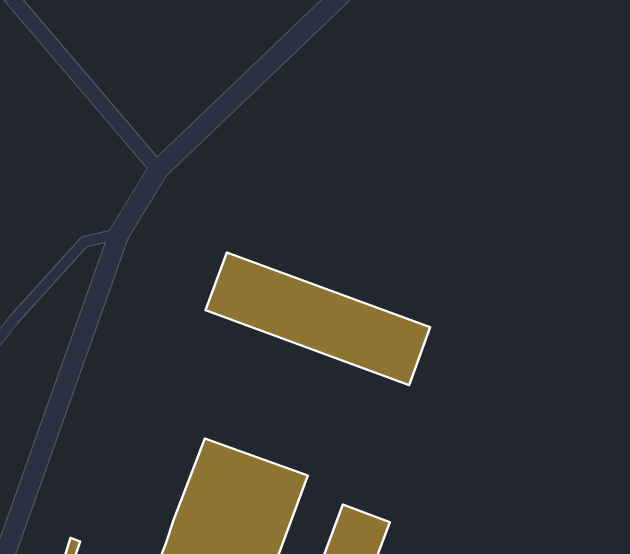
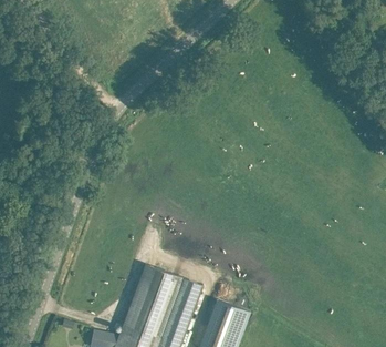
building: [206,252,430,385] -> none

